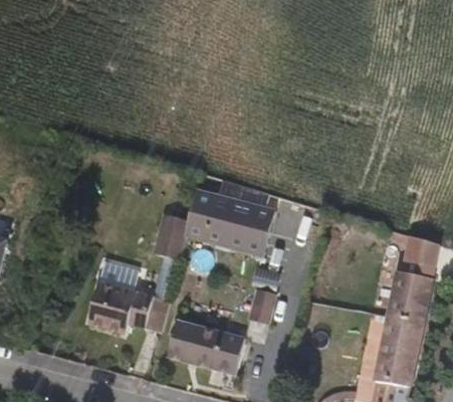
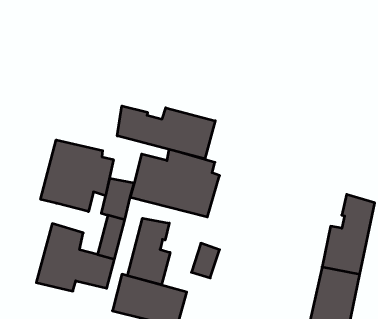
building: none -> [117,106,215,159]
building: none -> [41,140,113,212]
building: none -> [128,218,170,285]

